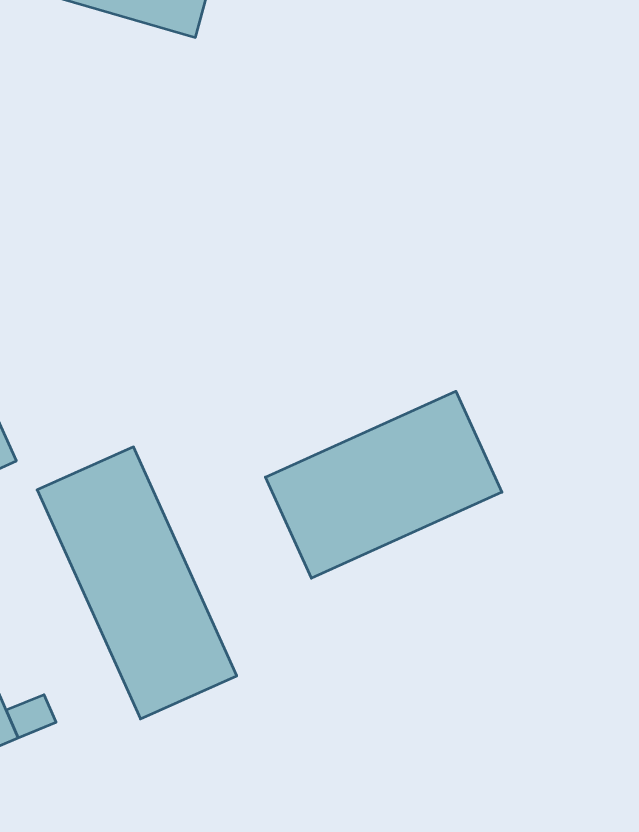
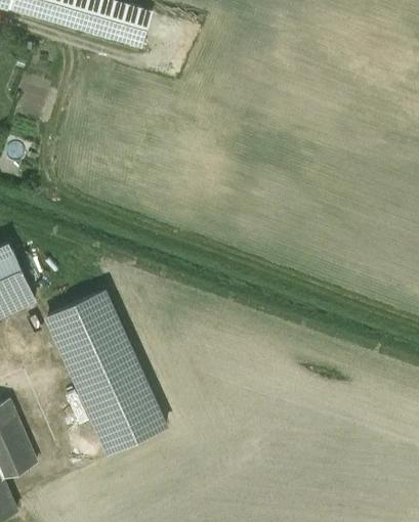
building: [265,391,502,578] -> none

